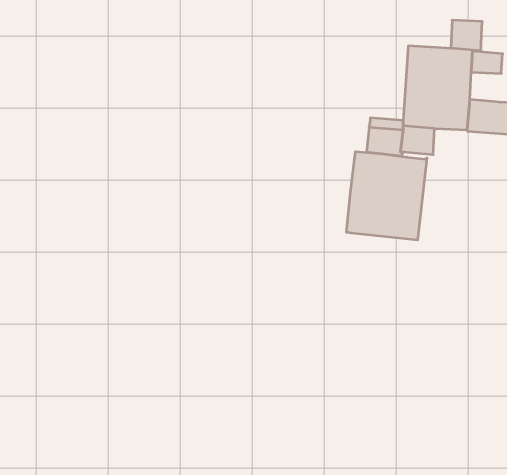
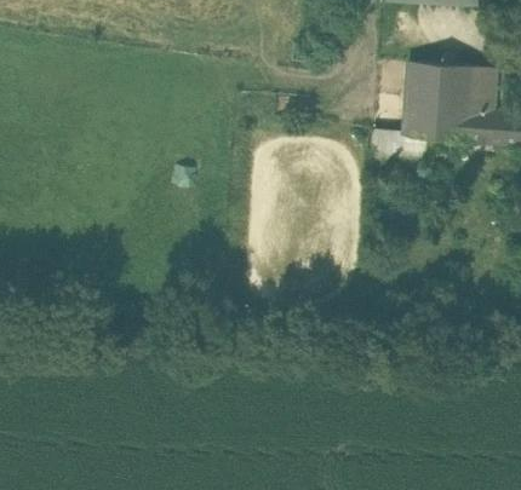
building: [451,20,482,50] -> [466,86,496,114]
building: [347,152,427,240] -> none

